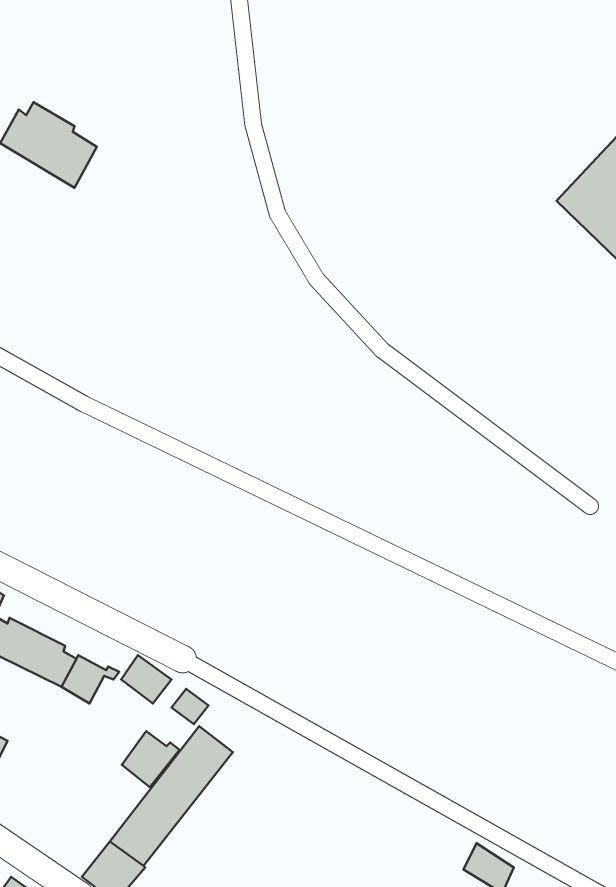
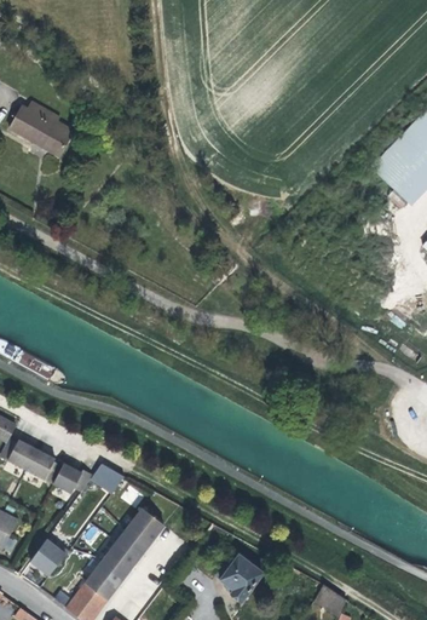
building: [122,731,180,787] -> [30,539,68,575]
building: none -> [219,553,262,602]

